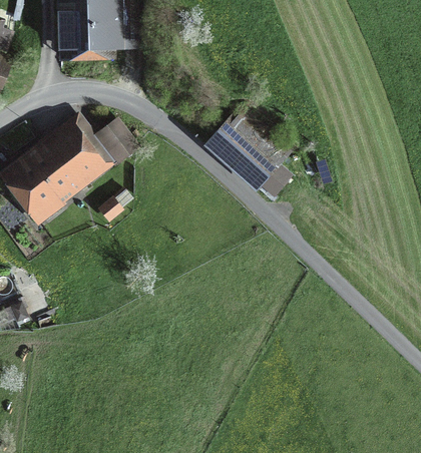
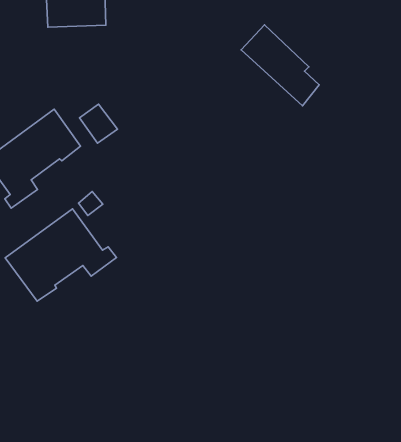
building: [212,120,286,197] -> [241,25,319,106]
building: none -> [5,209,116,301]

